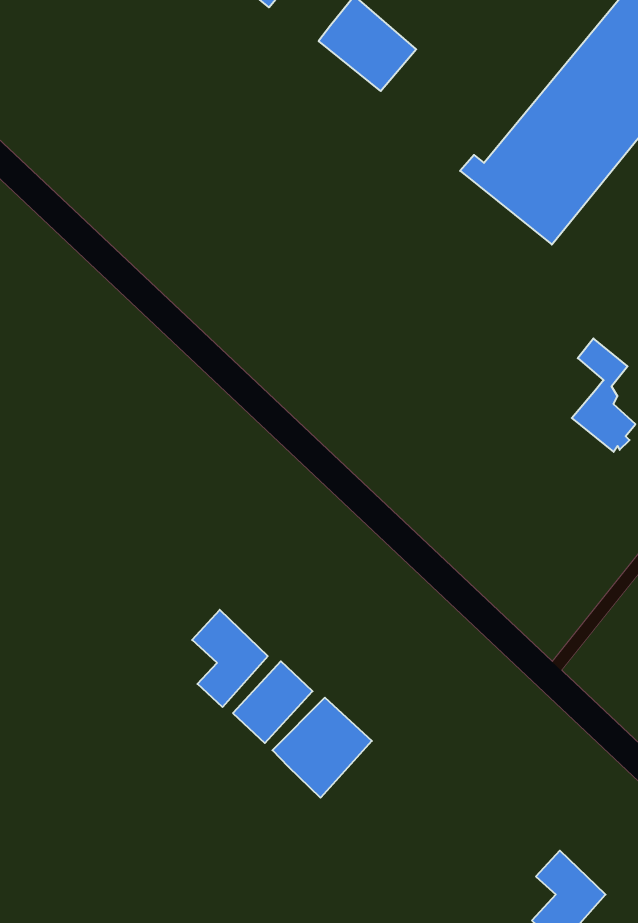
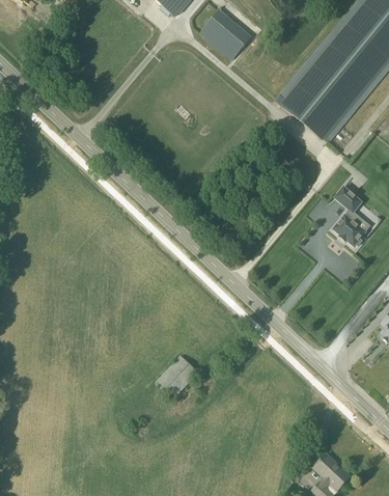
building: [192,610,268,707] -> none
building: [272,698,372,798] -> none

